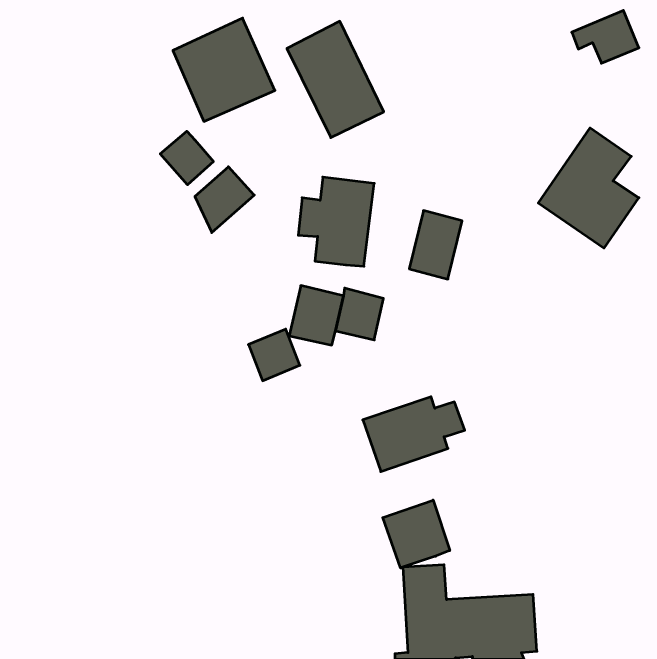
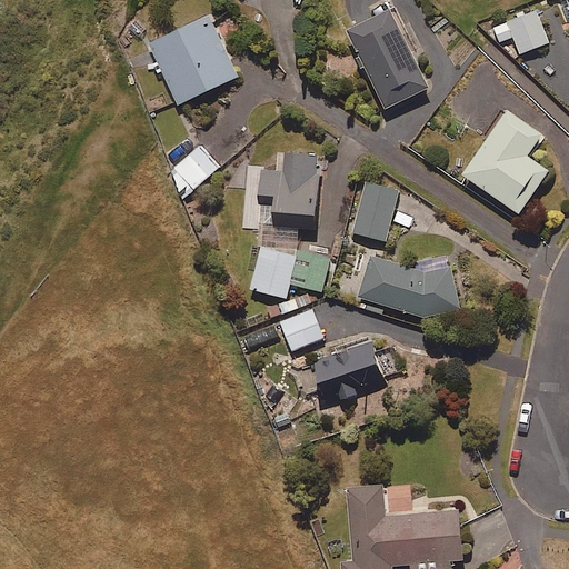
building: [287,21,384,138] -> [345,8,428,108]
building: [160,131,213,185] -> none
building: none -> [358,253,459,316]
building: [248,329,300,381] -> [279,308,323,352]
building: [383,500,450,568] -> none

